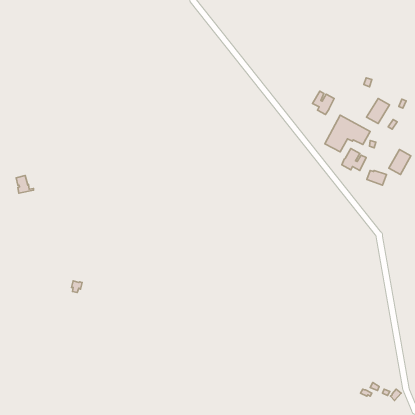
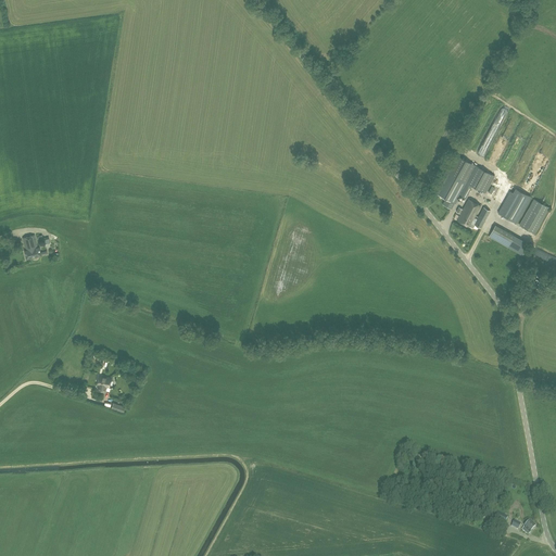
building: [312,91,334,114] -> none
building: [367,98,389,124] -> [500,189,530,223]

